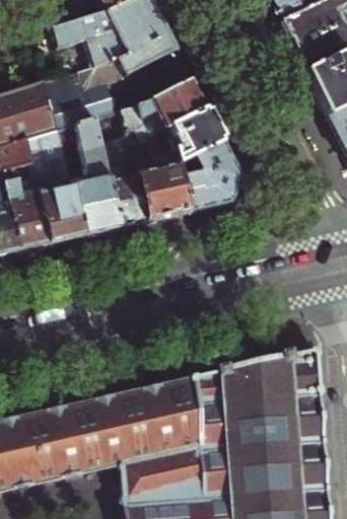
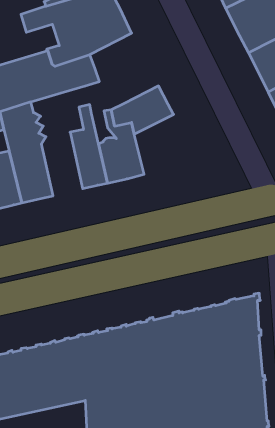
building: [123,79,206,141] -> none
building: [61,118,120,234] -> none
building: [179,142,241,210] -> none

